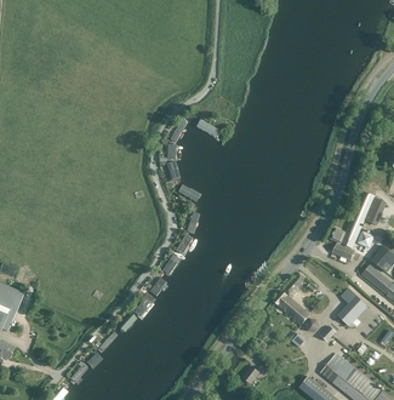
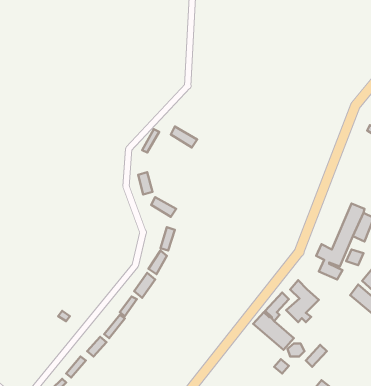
building: [338,288,369,327] -> [286,280,319,322]

